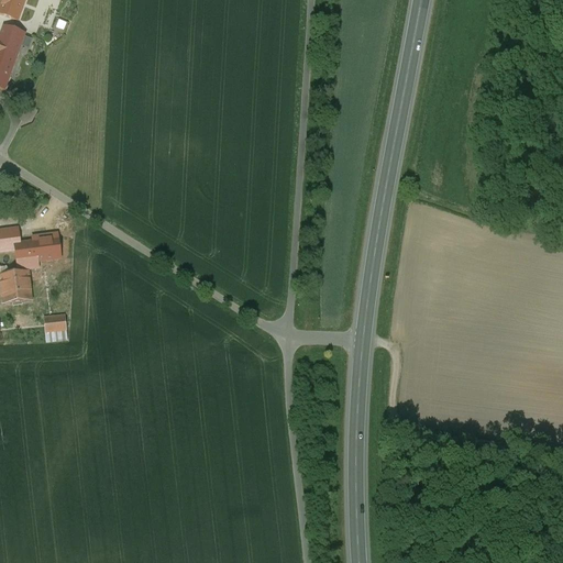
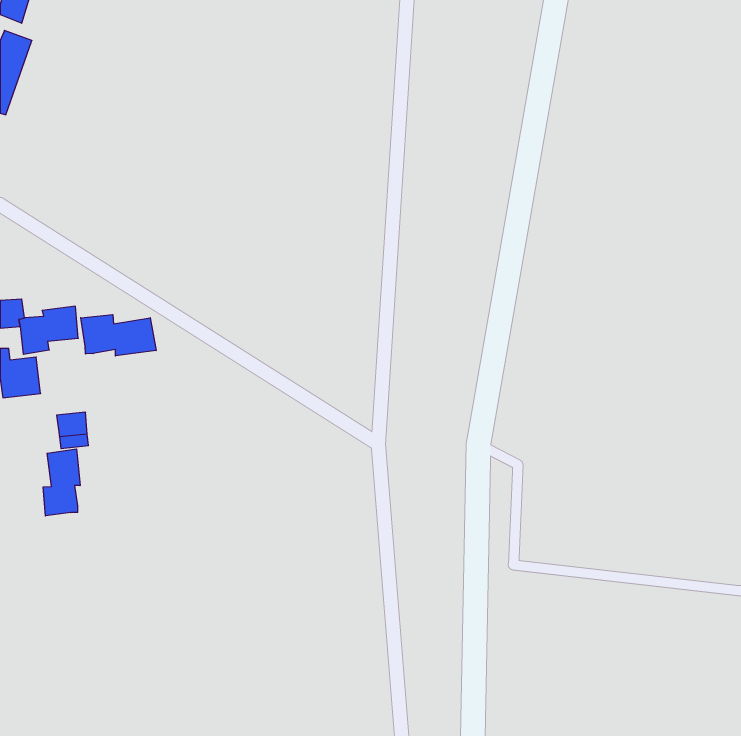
building: none -> [81,315,156,356]
building: none -> [43,449,80,516]

